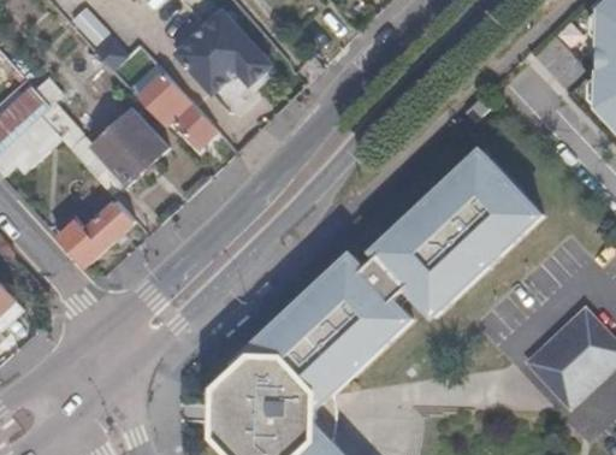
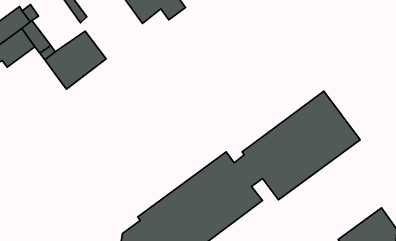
building: [132,65,212,141] -> none
building: [54,185,131,265] -> none

